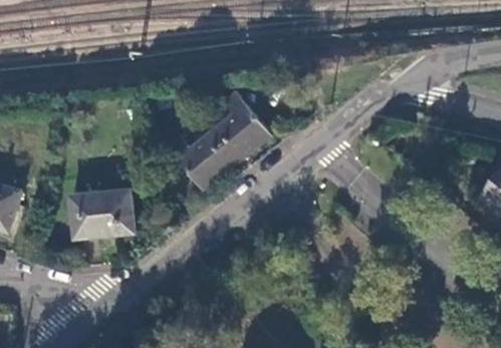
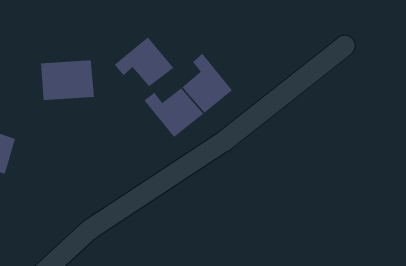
building: none -> [114,37,174,87]
building: [71,191,135,238] -> [40,60,95,101]

